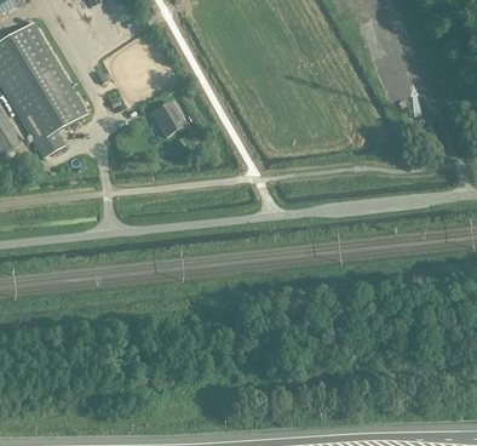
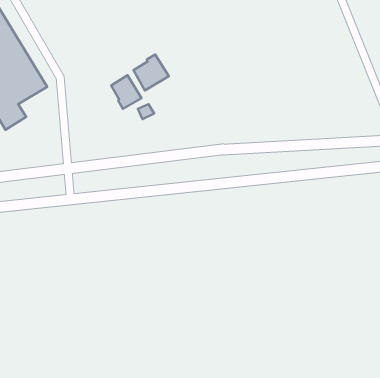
building: none -> [133,54,169,91]

